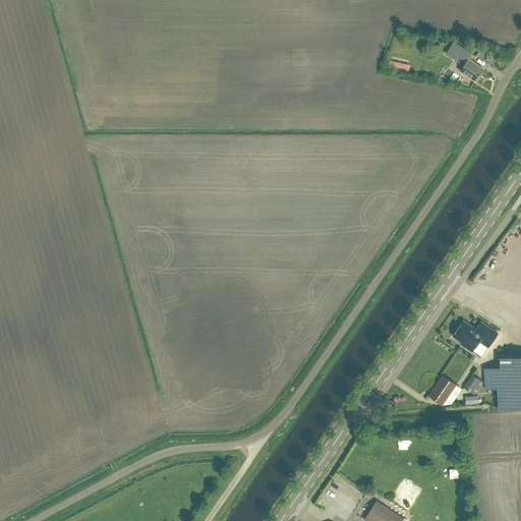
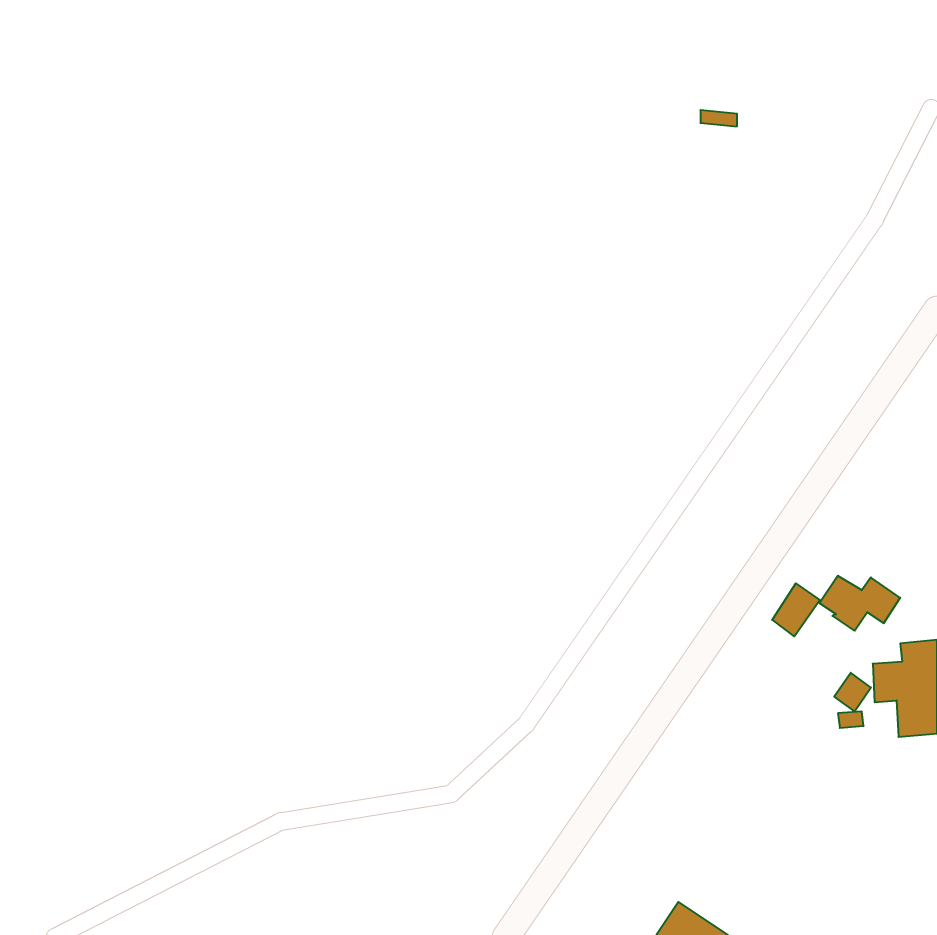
building: [446,43,483,82] -> none
building: [429,377,456,406] -> [772,583,820,636]

